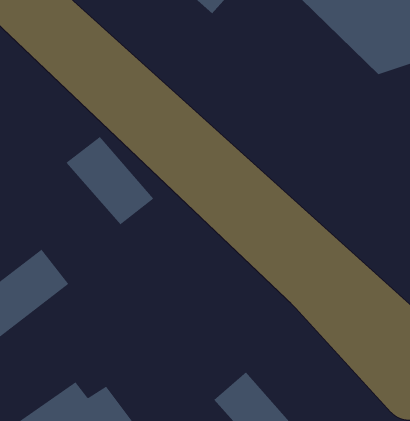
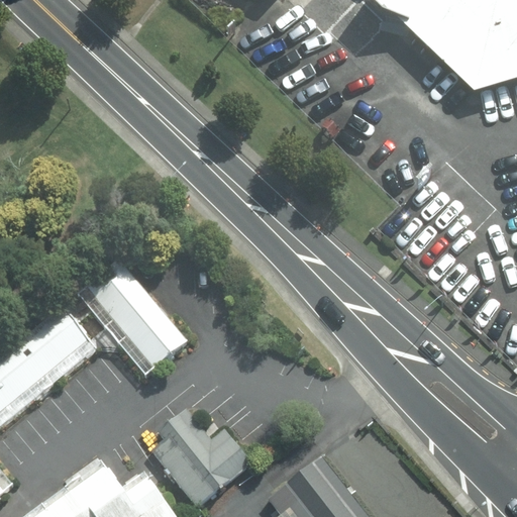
building: [65,136,154,225] -> [80,266,188,374]
building: none -> [152,404,250,508]

